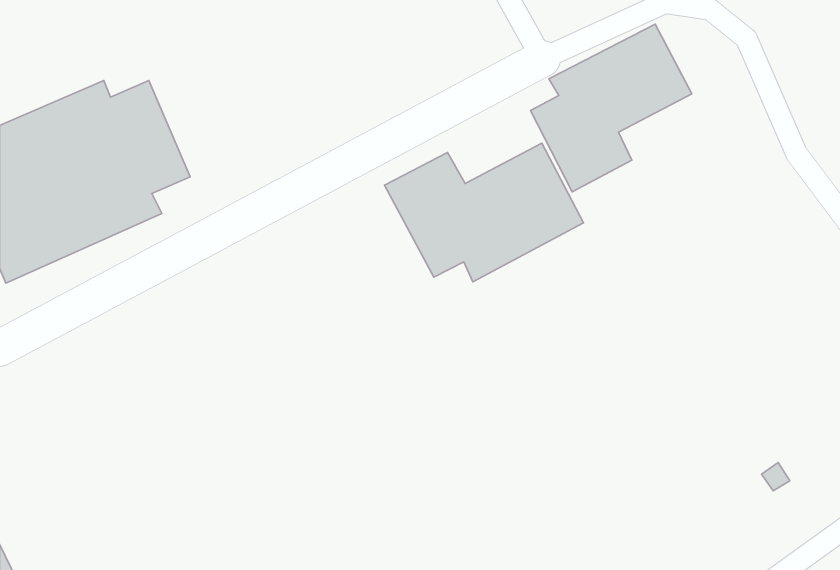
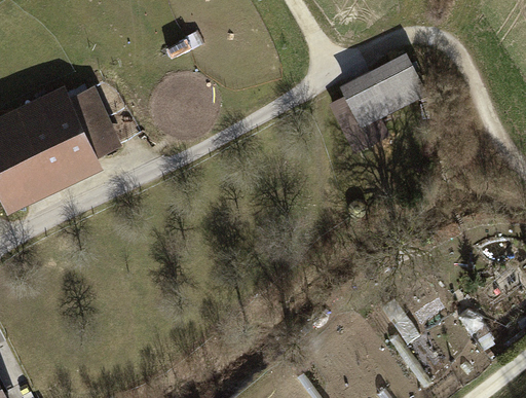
building: [385,143,584,282] -> none

